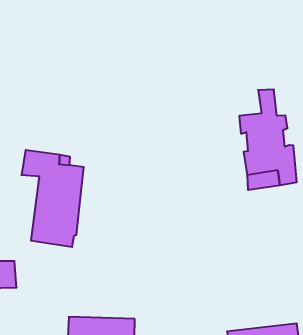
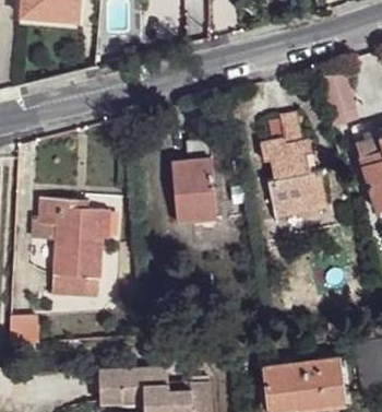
building: none -> [174,160,218,222]

